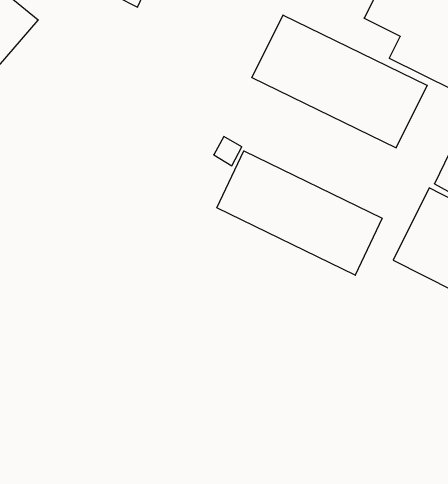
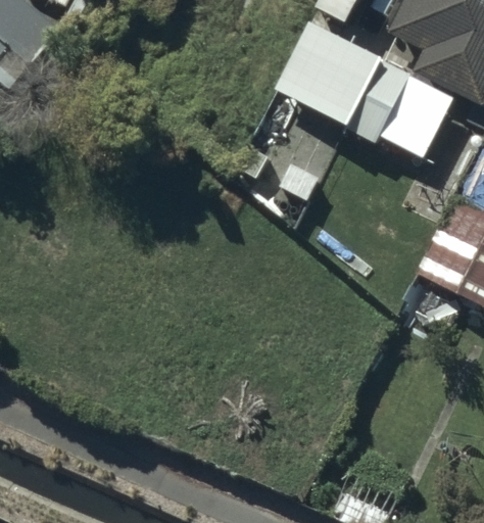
building: [217,151,382,275] -> none

